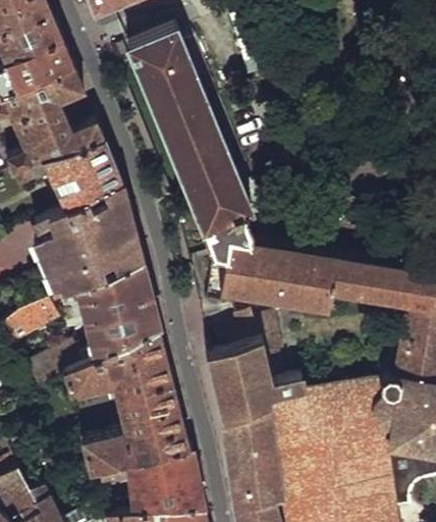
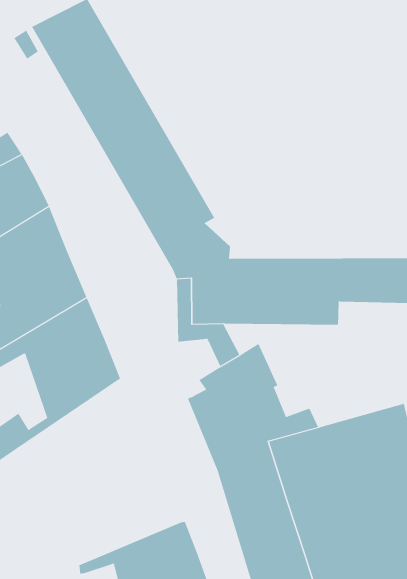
building: [66,329,187,475] -> none

